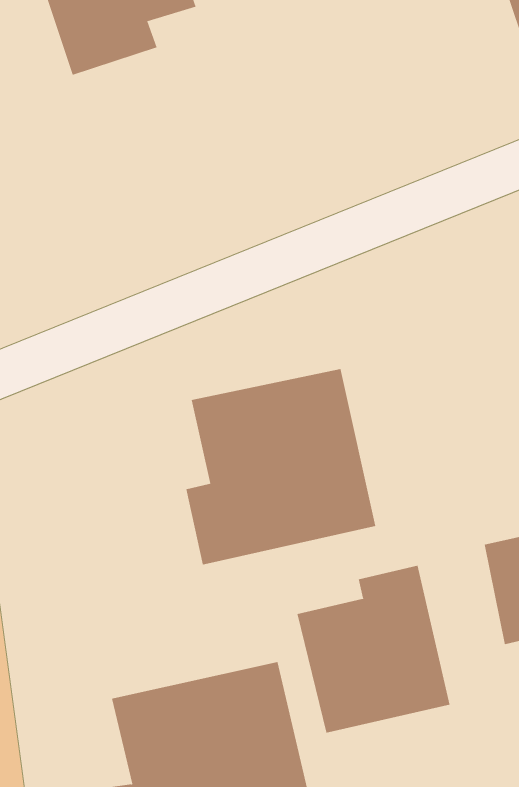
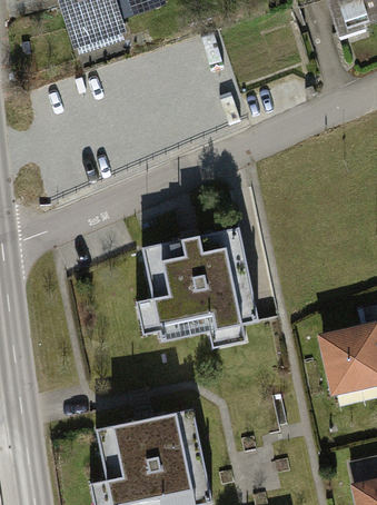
building: [297,565,450,734] -> none

